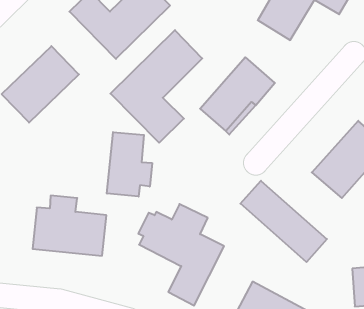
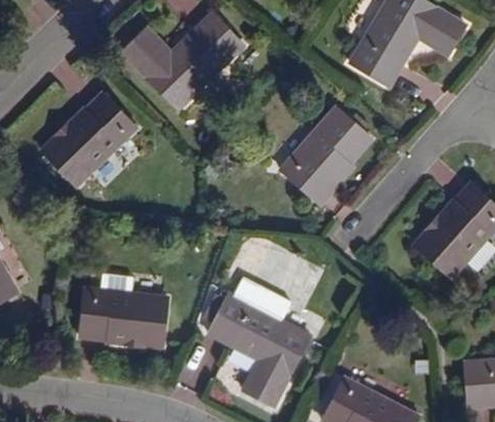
building: [110,30,202,143] -> none
building: [107,132,152,197] -> none
building: [240,181,327,262] -> none

